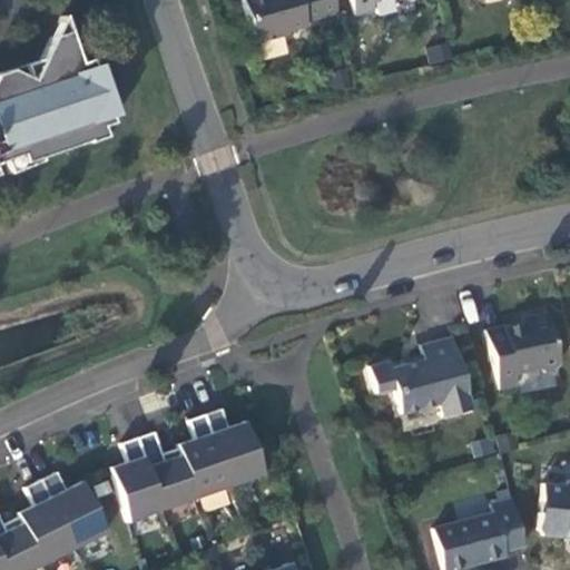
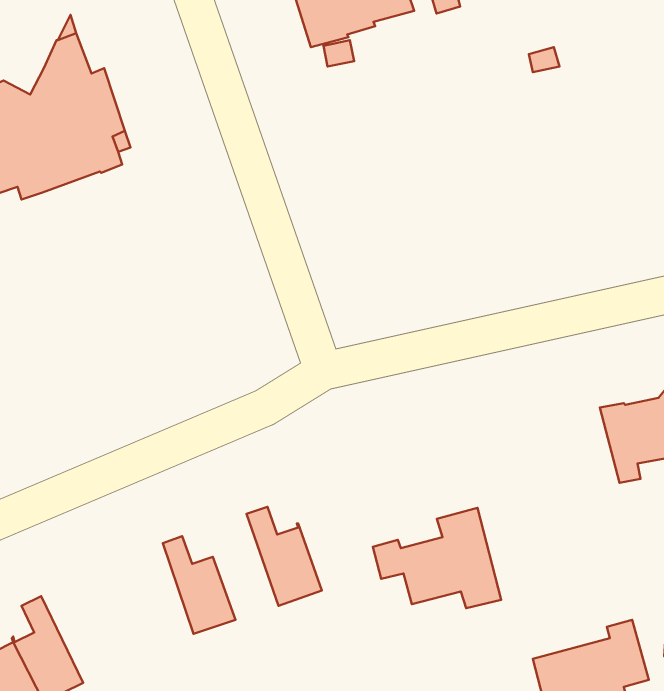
building: [371,335,473,415] -> [373,508,501,608]
building: [178,413,232,498] -> none
building: [110,436,164,521] -> none
building: [42,471,109,548] -> none

